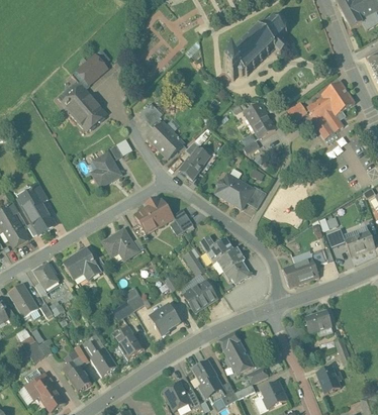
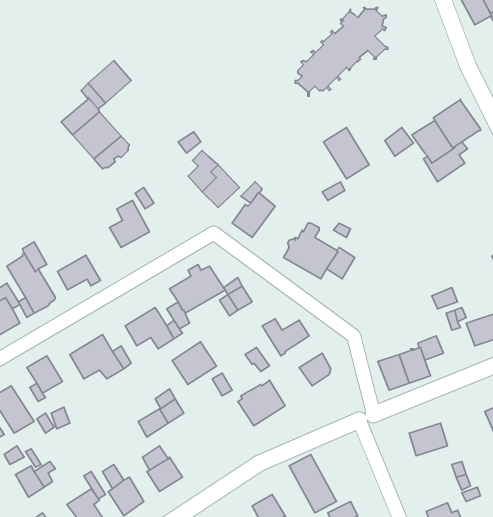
building: none -> [58,255,101,290]
building: [216,246,245,272] -> none
building: [150,304,181,334] -> [172,342,216,385]

